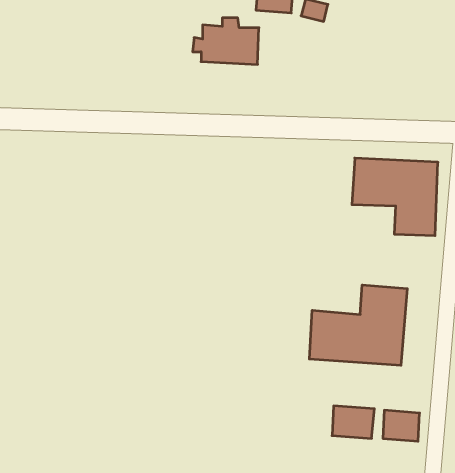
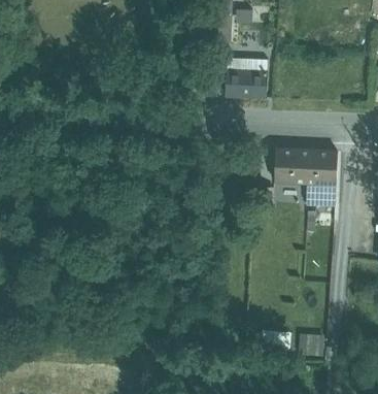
building: [193,18,259,64] -> [218,63,267,97]
building: [309,285,407,365] -> none

